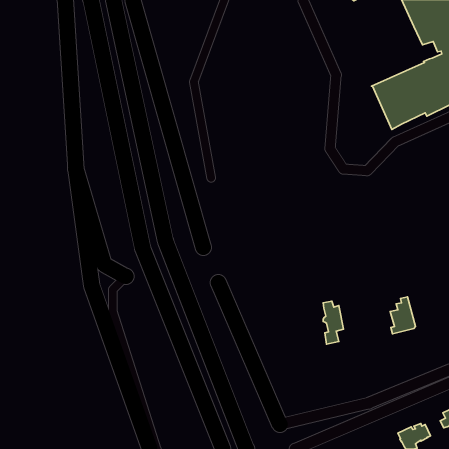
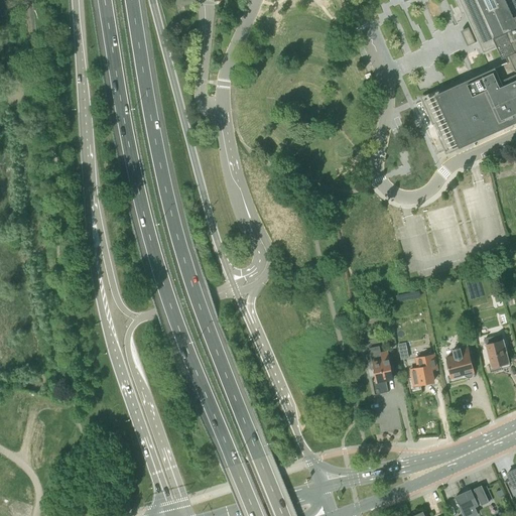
building: none -> [486,334,511,372]
building: none -> [409,353,437,392]

